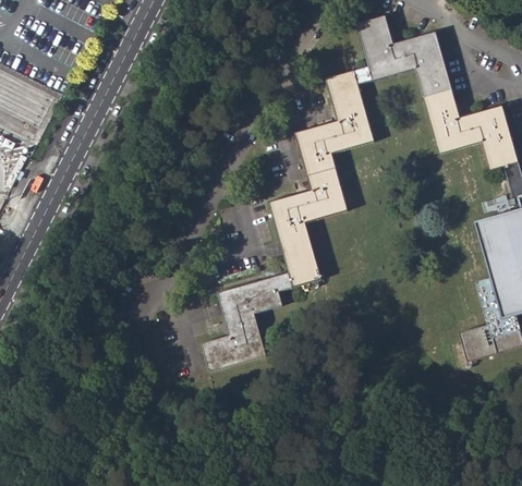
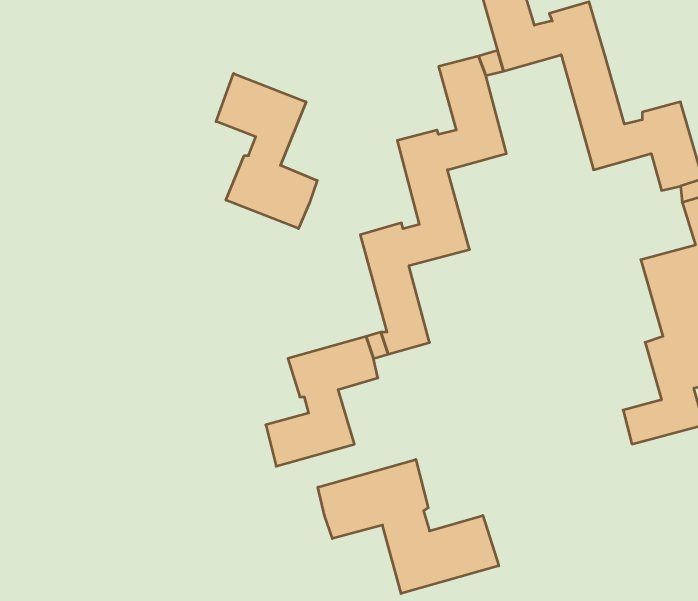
building: none -> [216,73,317,229]
building: none -> [318,459,499,594]

